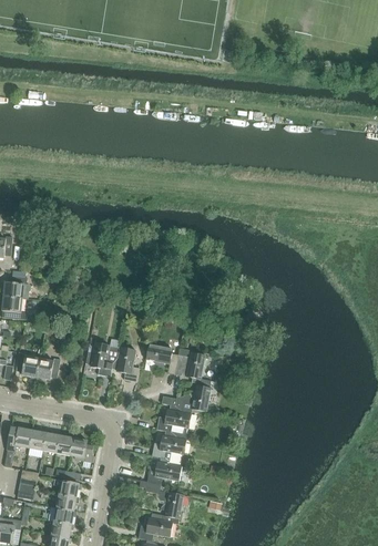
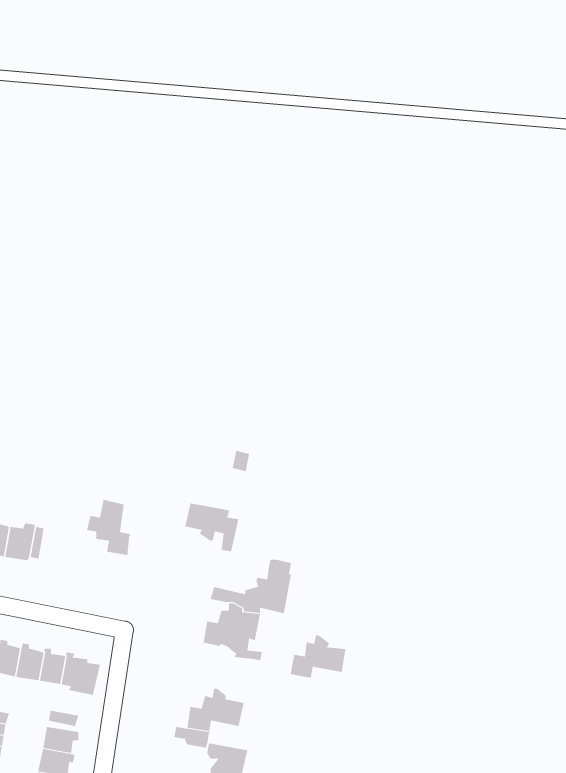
building: [111,348,139,382] -> none
building: [173,348,204,383] -> none
building: [151,431,185,457] -> [290,634,346,678]

